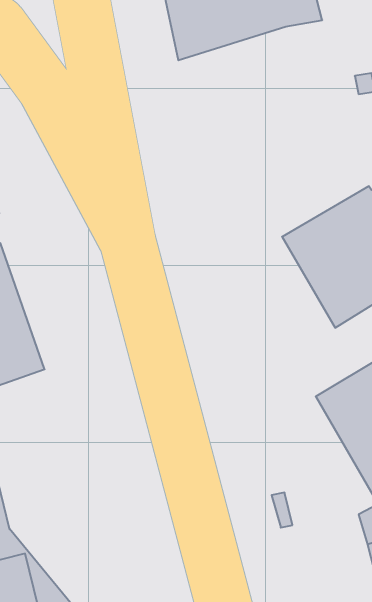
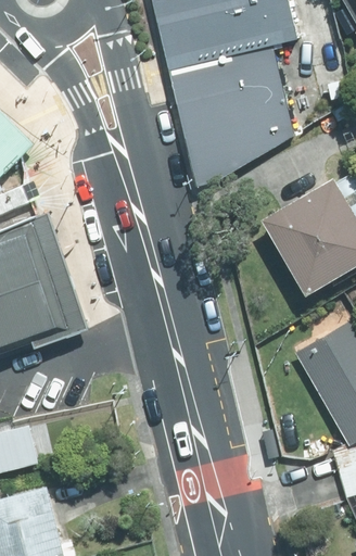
building: none -> [179,41,302,170]

